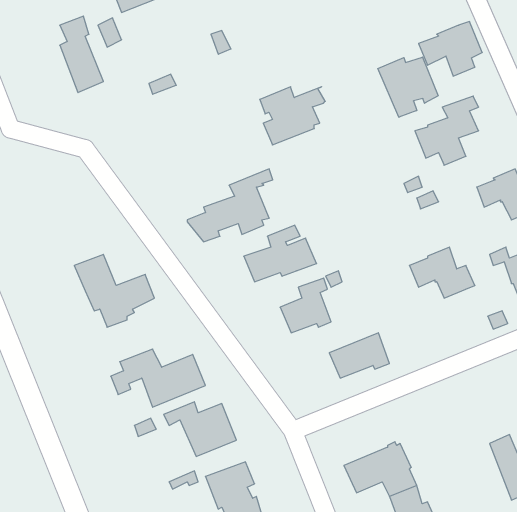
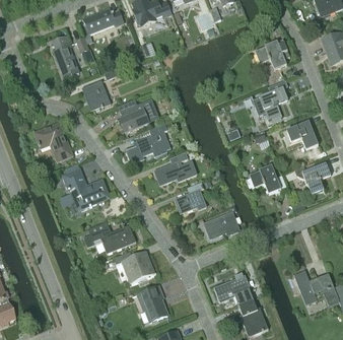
building: [378,57,438,117] -> none
building: [260,87,325,145] -> [118,98,154,131]
building: none -> [82,81,110,110]
building: none -> [35,123,73,161]

